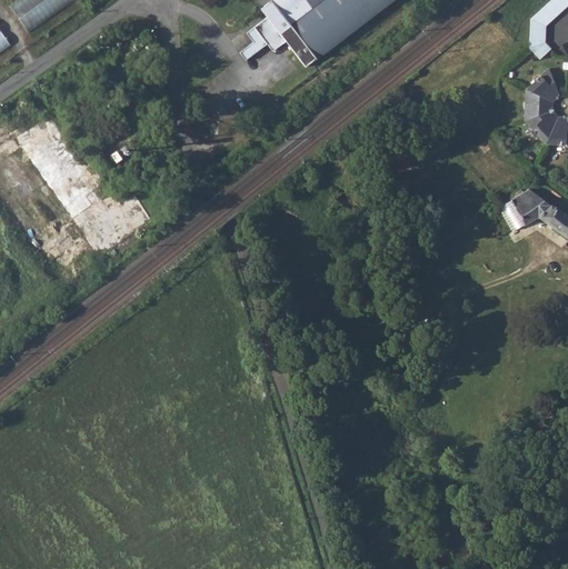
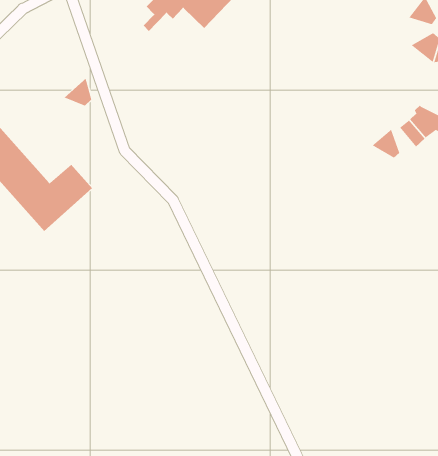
building: [525,90,551,120] -> none
building: none -> [63,78,92,106]
building: none -> [371,129,400,159]

